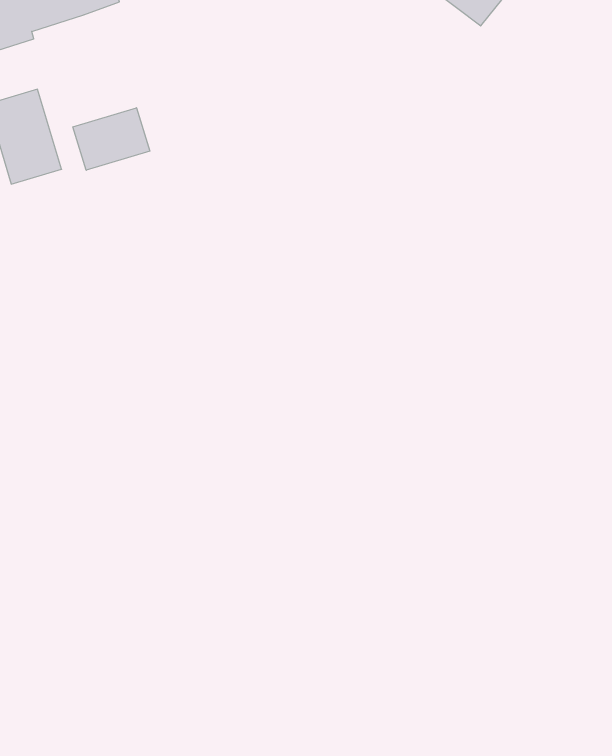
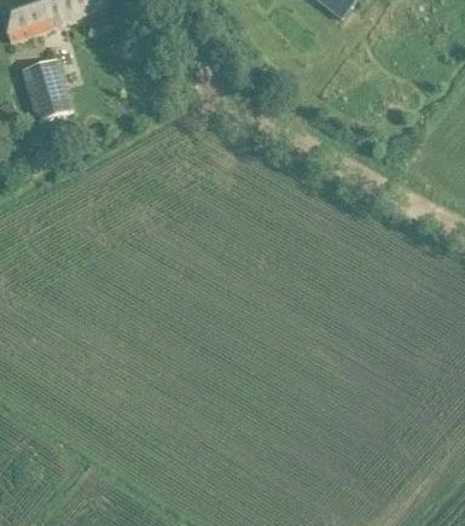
building: [73,108,150,170] -> none

